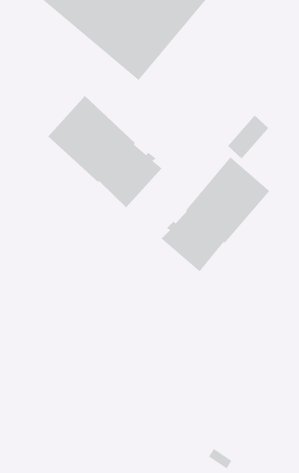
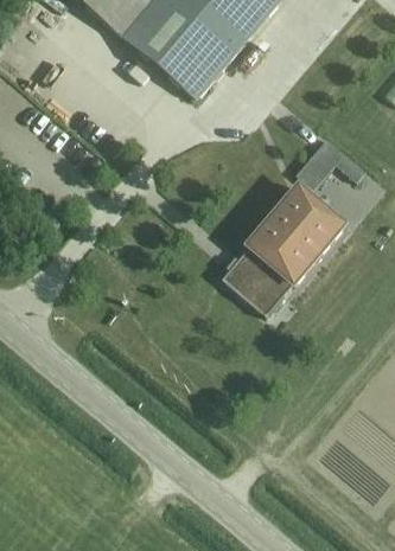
building: [48,95,163,208] -> none

